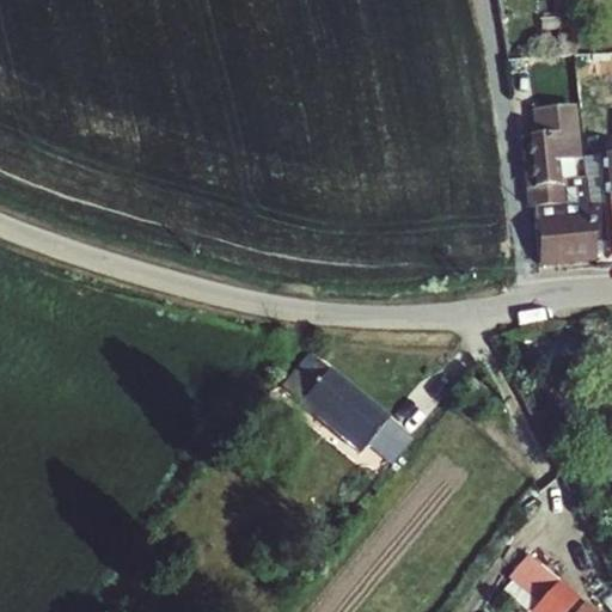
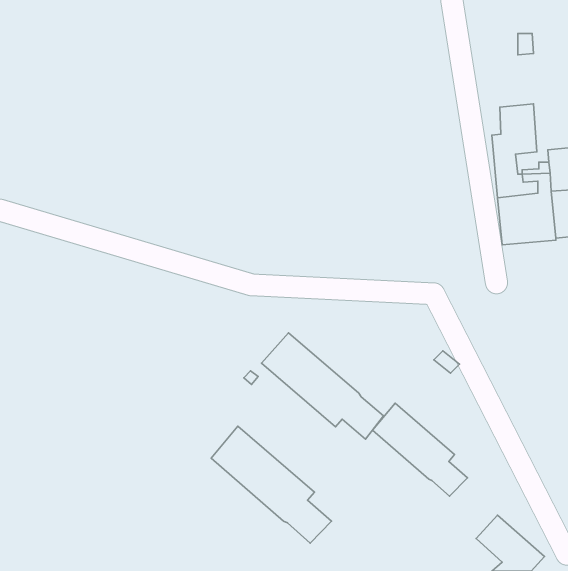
building: none -> [372,403,467,496]
building: none -> [211,426,332,543]

